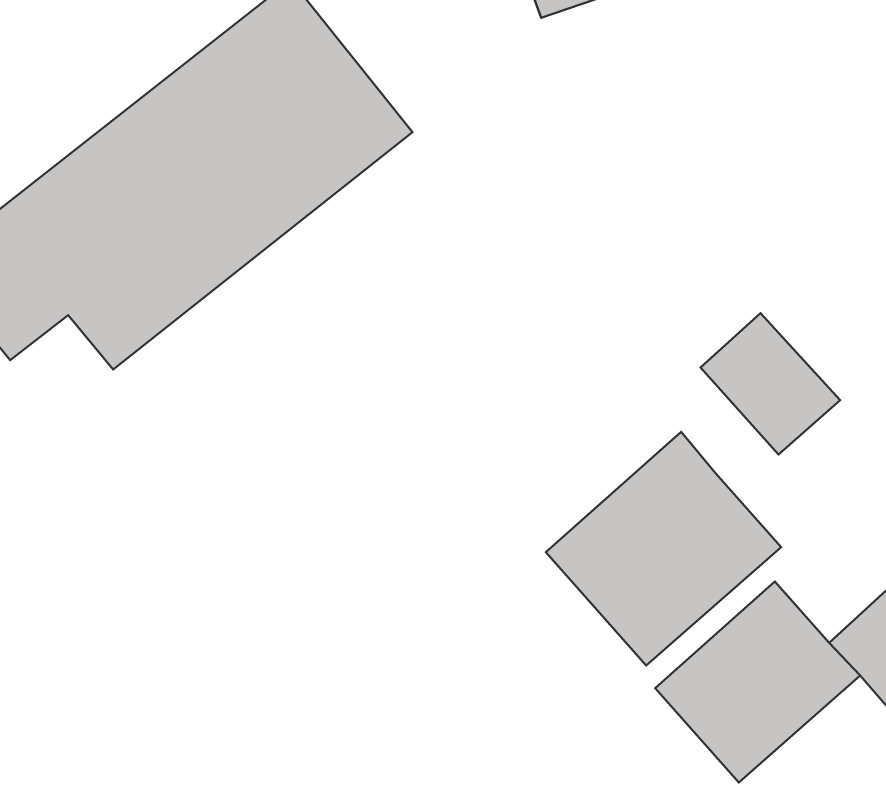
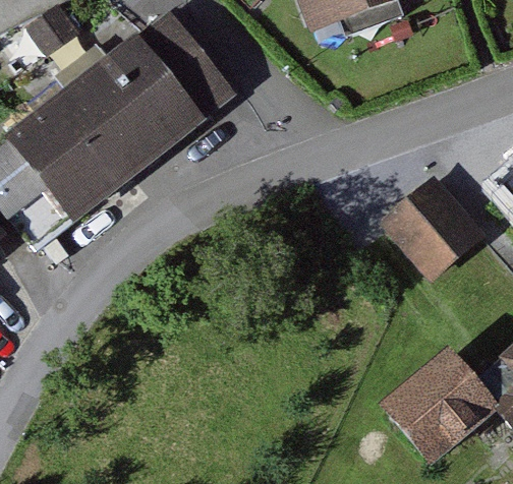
building: [546,432,781,665] -> none

